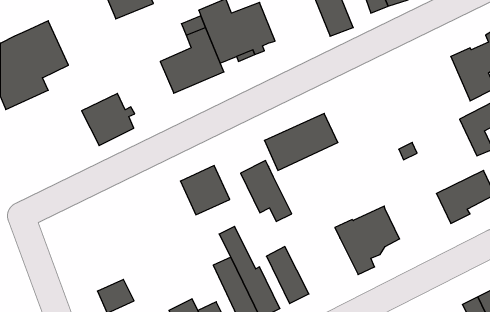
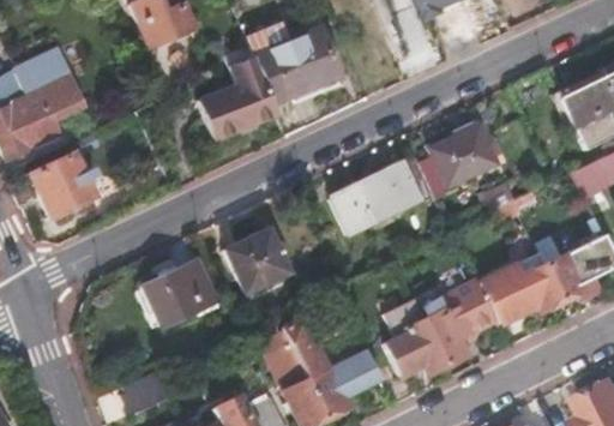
building: none -> [428,122,496,185]
building: [82,93,135,146] -> [29,151,95,216]
building: [241,161,292,221] -> [381,299,445,374]
building: none -> [478,253,560,324]
building: none -> [142,258,216,324]

